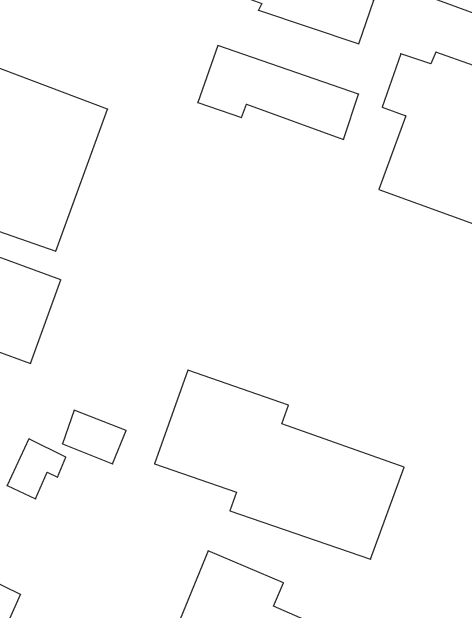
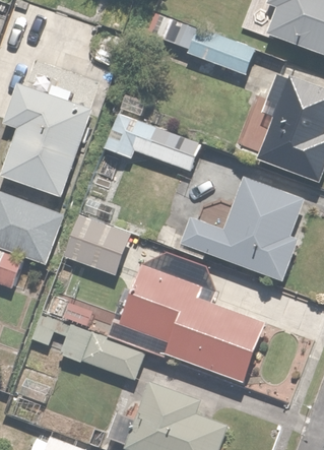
building: [198,46,359,139] -> [103,113,200,170]
building: none -> [180,179,301,280]
building: none -> [63,215,126,273]
building: none -> [59,324,142,379]

